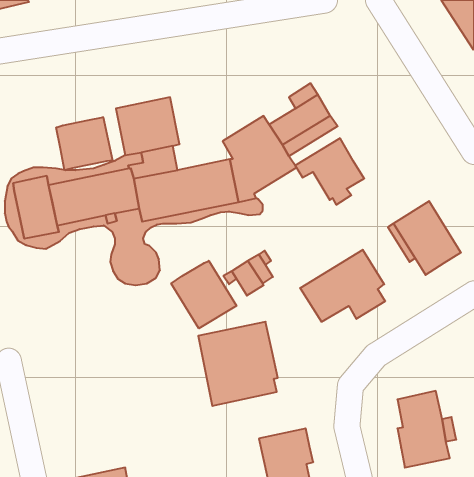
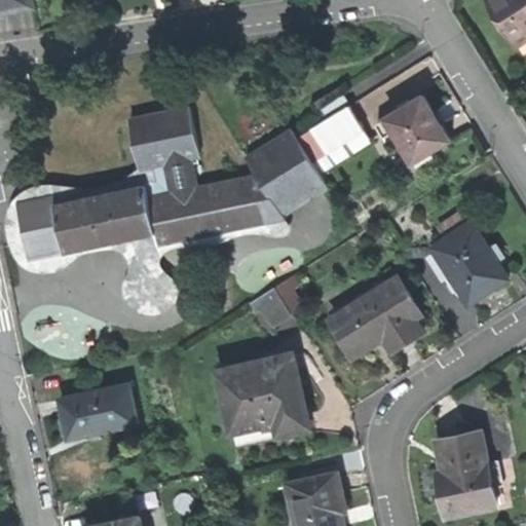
building: [56,117,112,170] -> none
building: [295,138,364,205] -> [374,95,450,167]
building: [171,261,236,328] -> none
building: none -> [57,383,136,438]

